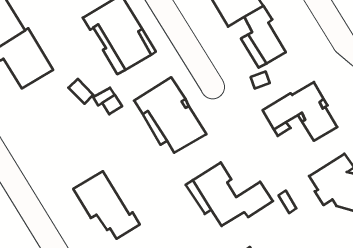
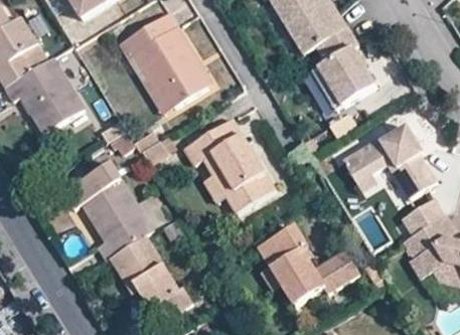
building: none -> [61,162,152,260]
building: none -> [402,197,446,235]

